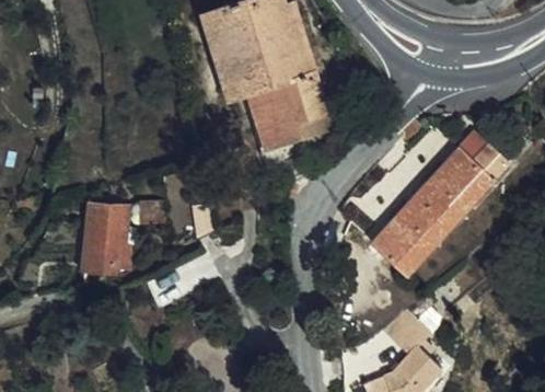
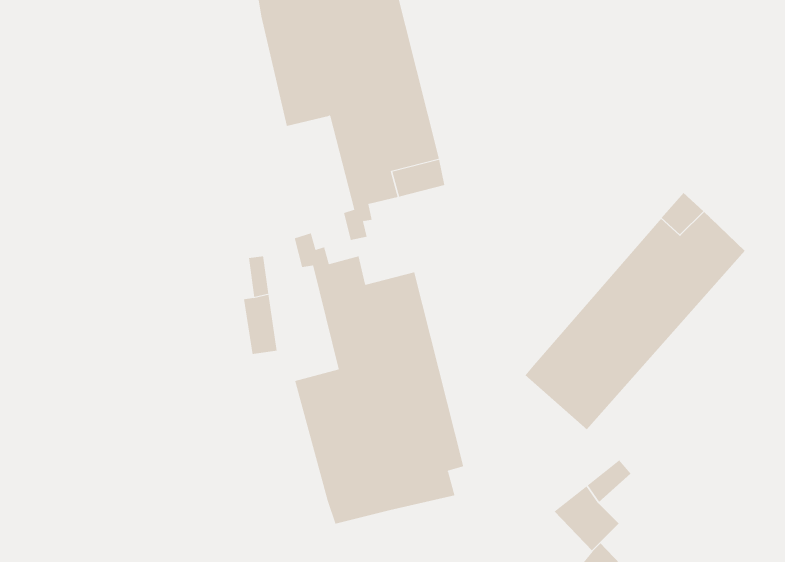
building: none -> [294,232,464,524]
building: [91,197,131,269] -> none

